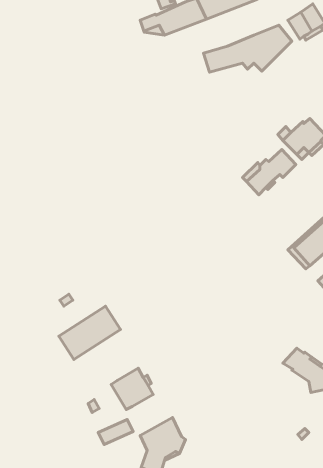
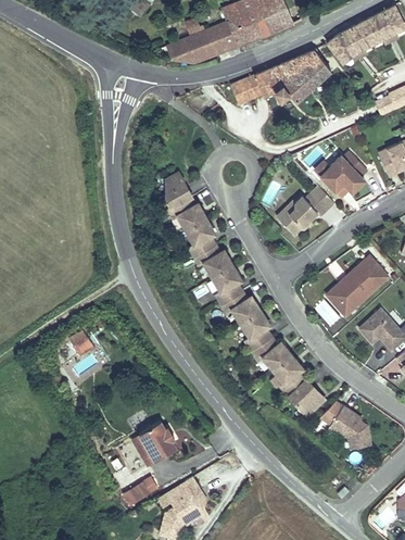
building: none -> [167,173,325,415]
building: [59,306,121,360] -> none

